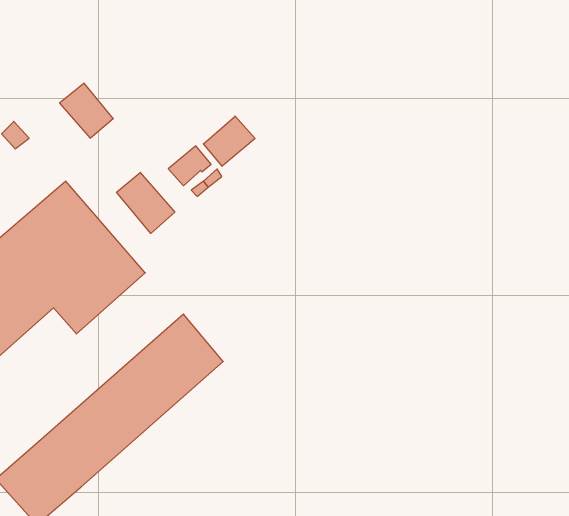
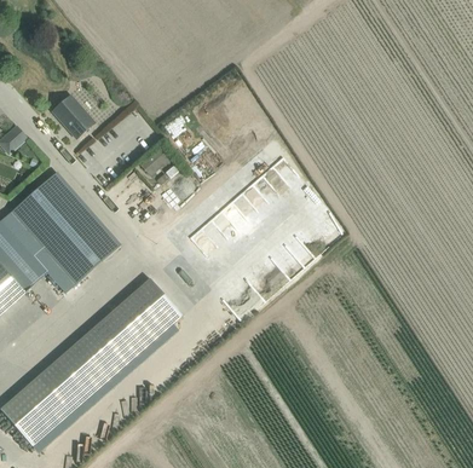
building: [203,116,255,166] -> none
building: [117,172,175,233] -> none

